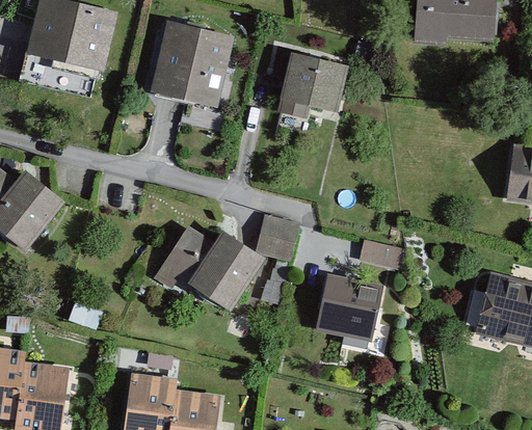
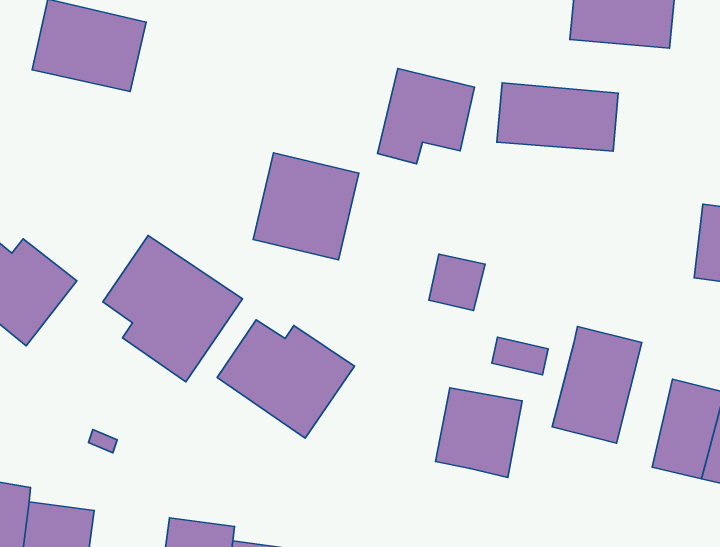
building: [155,28,231,105] -> [253,153,359,260]
building: none -> [497,83,618,151]
building: none -> [103,236,242,382]
building: [258,220,298,261] -> [429,254,485,310]
building: none -> [552,326,642,443]

